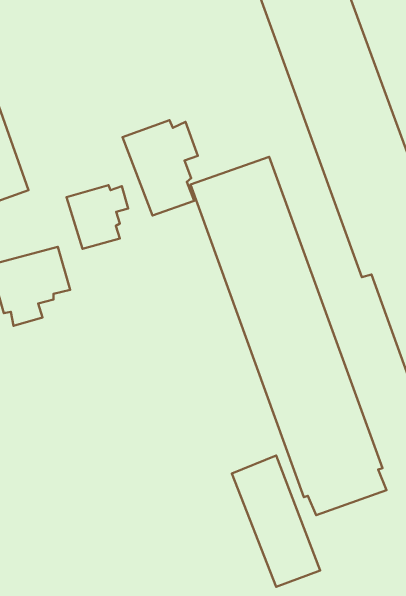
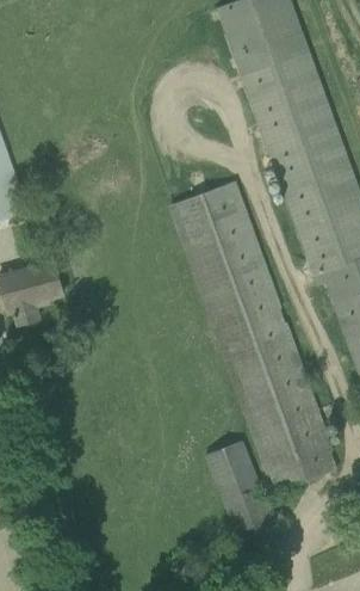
building: [123,120,198,216] -> none
building: [67,185,128,249] -> none

